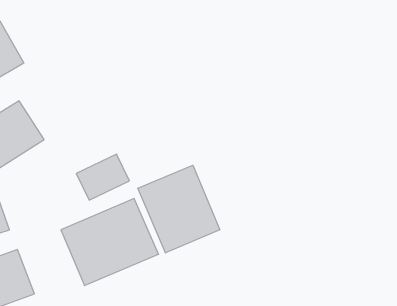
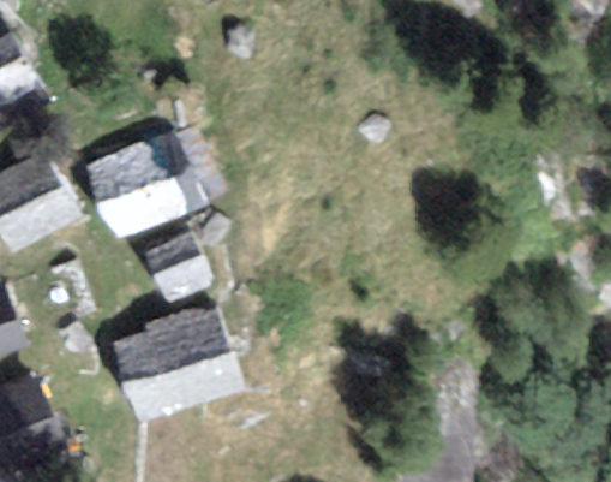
building: none -> [79,125,205,243]
building: [138,165,220,253] -> none

